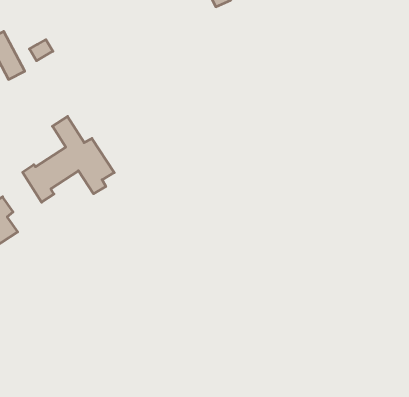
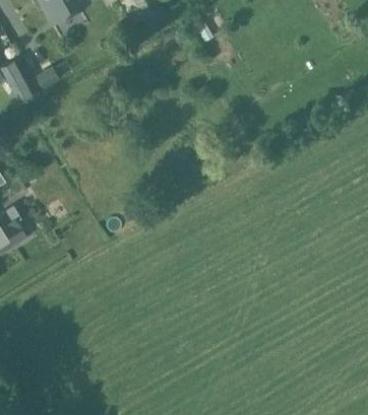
building: [23,116,114,202] -> none

